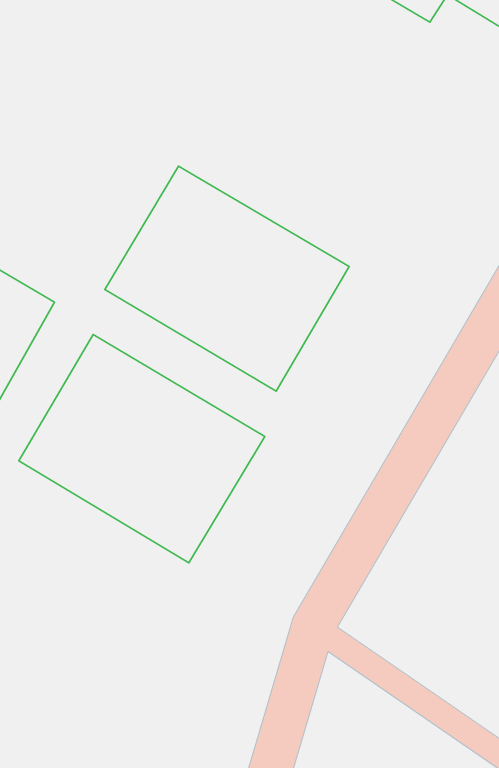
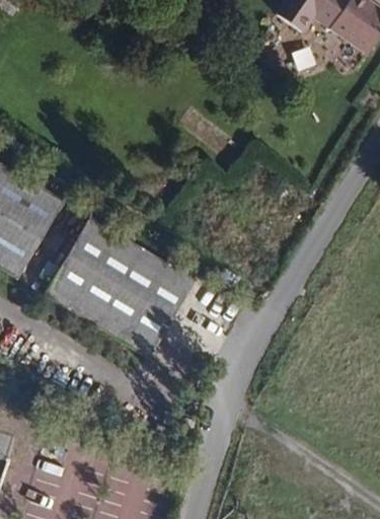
building: [105,166,349,391] -> none

